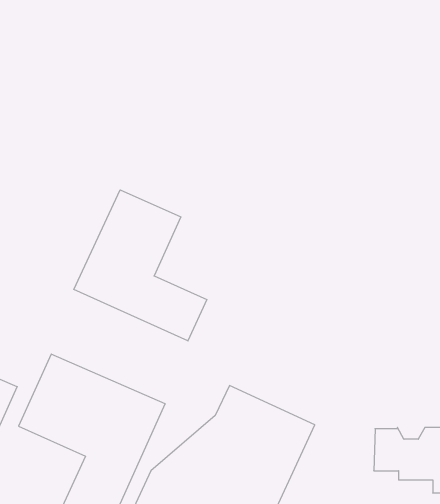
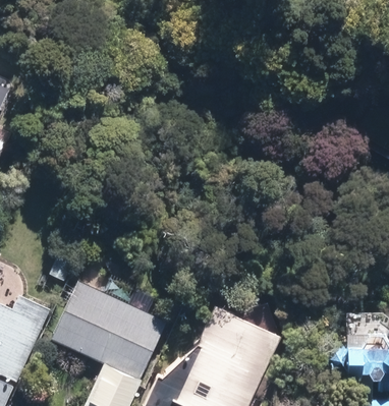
building: [74,190,207,341] -> none

